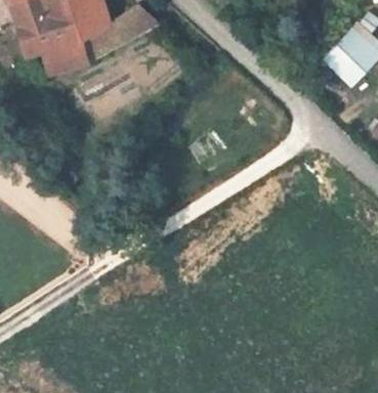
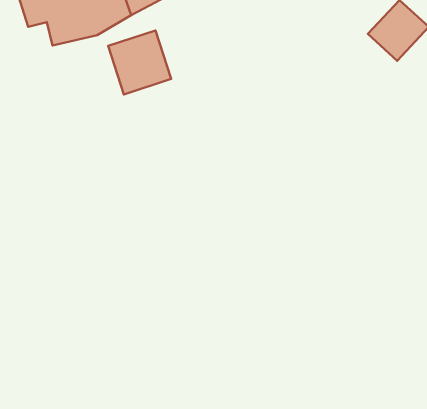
building: none -> [108,30,171,94]

